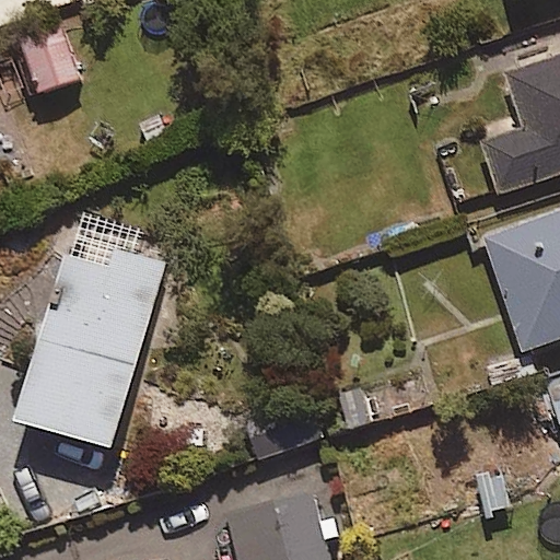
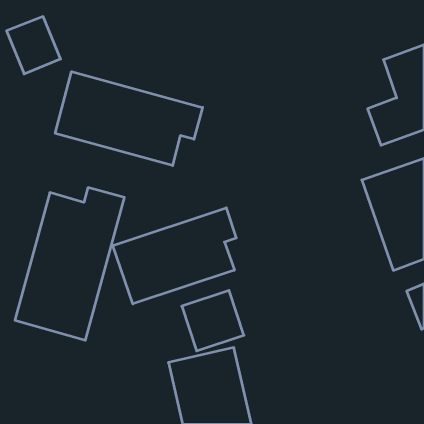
building: none -> [55,72,203,166]
building: none -> [113,208,236,304]

